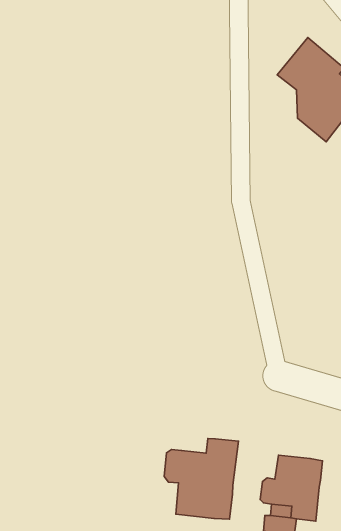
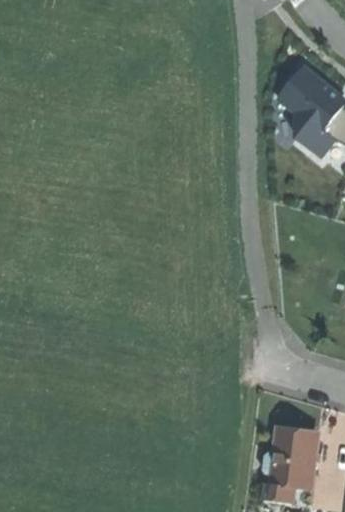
building: [164,439,238,519] -> none

